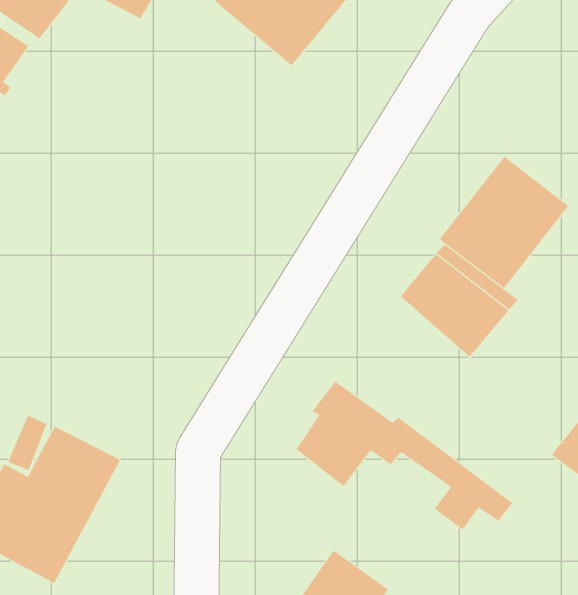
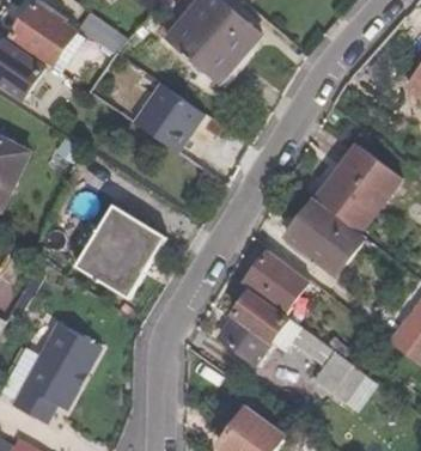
building: none -> [136,84,208,152]
building: none -> [72,203,163,298]
building: none -> [243,246,309,312]

